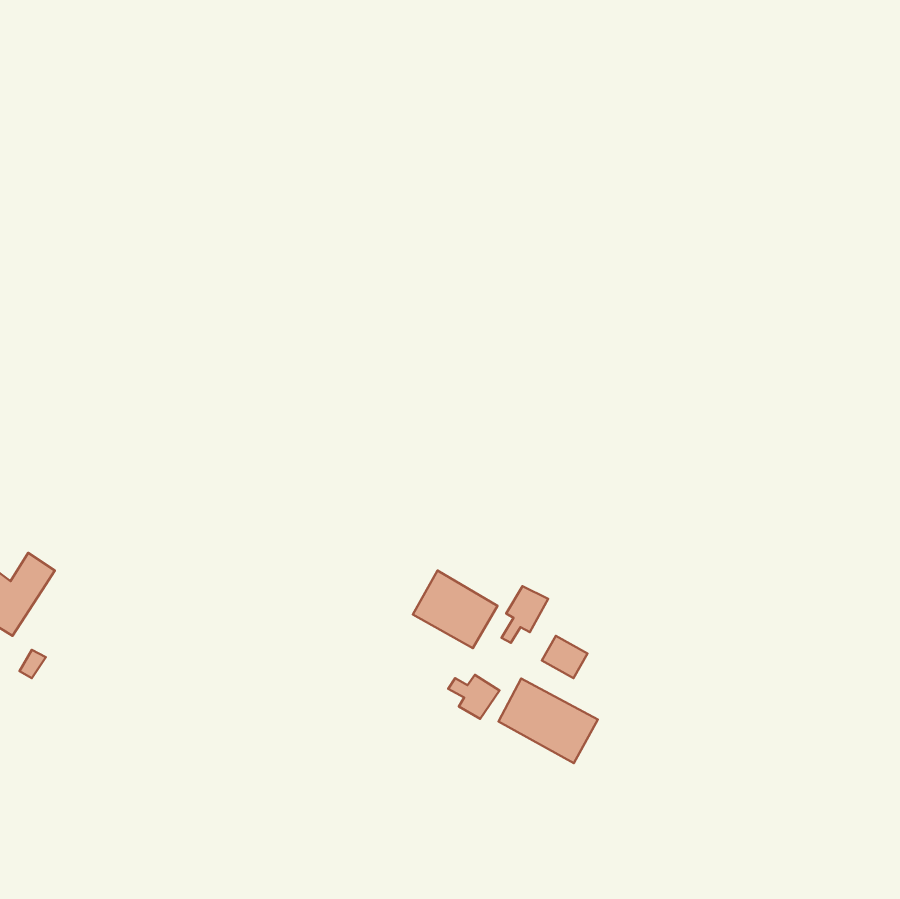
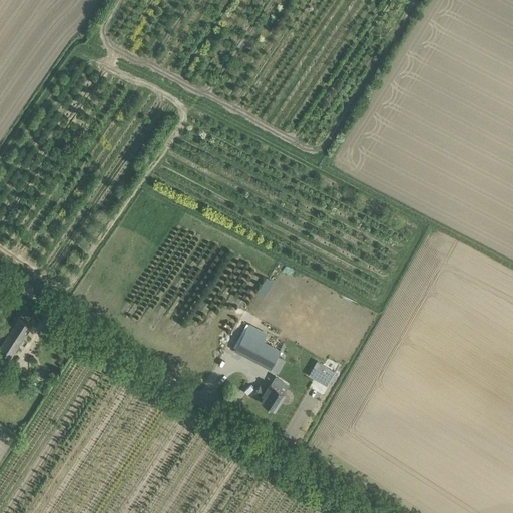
building: [501,586,548,643] -> none
building: [499,678,598,763] -> none

